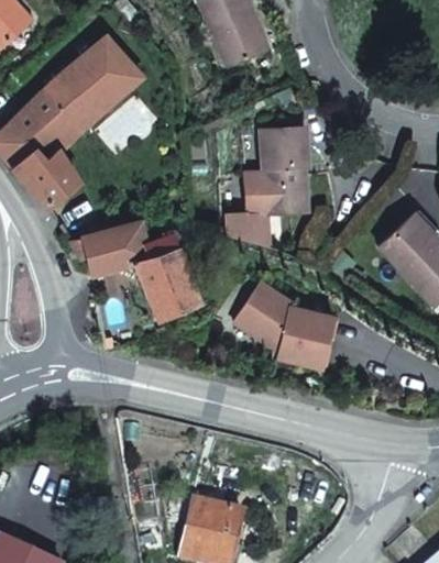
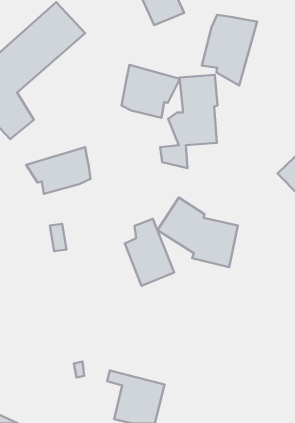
building: none -> [202,15,257,86]
building: none -> [122,65,180,118]
building: [135,233,197,317] -> [125,219,174,286]

